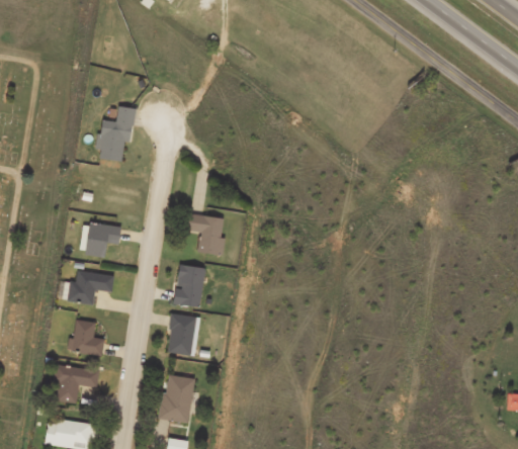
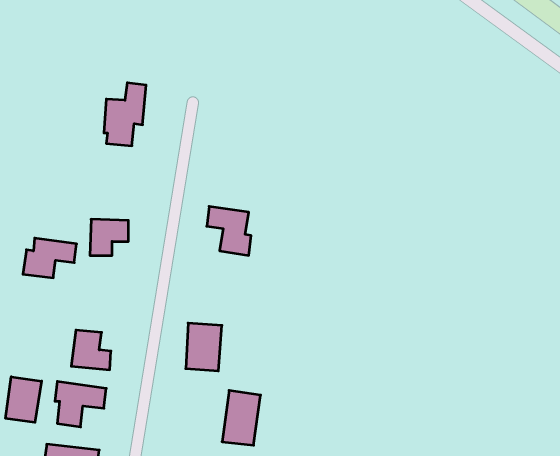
building: [173,264,205,306] -> none
building: [68,270,114,304] -> [23,238,77,278]
building: none -> [6,377,42,422]
building: [162,374,195,422] -> [222,390,261,445]

